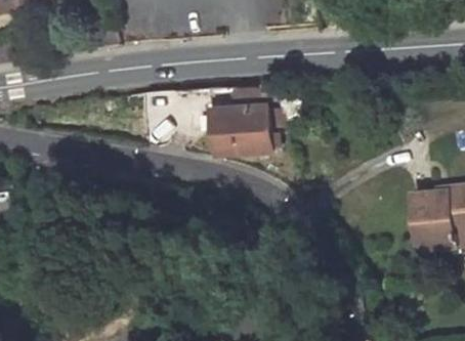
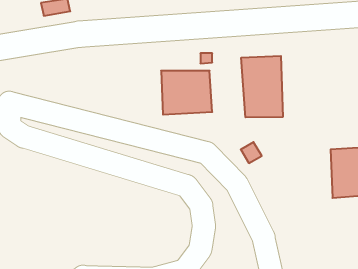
building: none -> [241,56,283,117]

